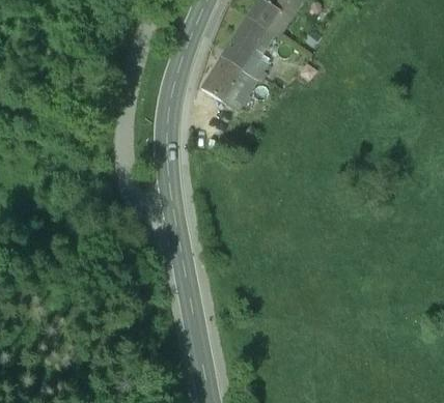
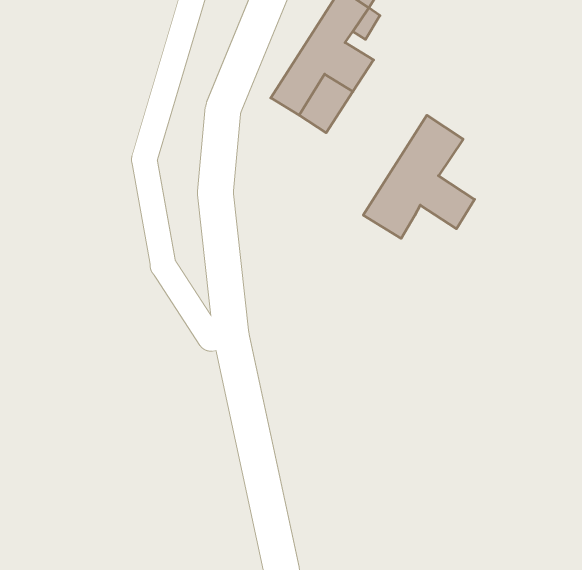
building: none -> [363,115,475,238]

